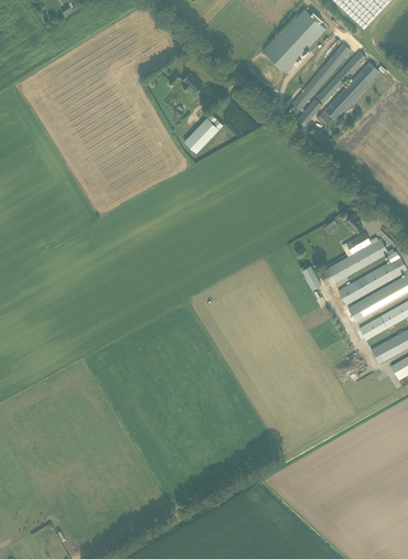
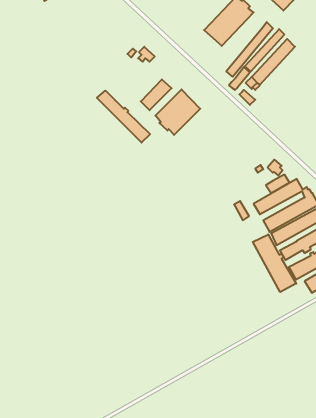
building: none -> [155,89,200,135]
building: none -> [97,91,150,143]
building: none -> [253,234,296,292]

